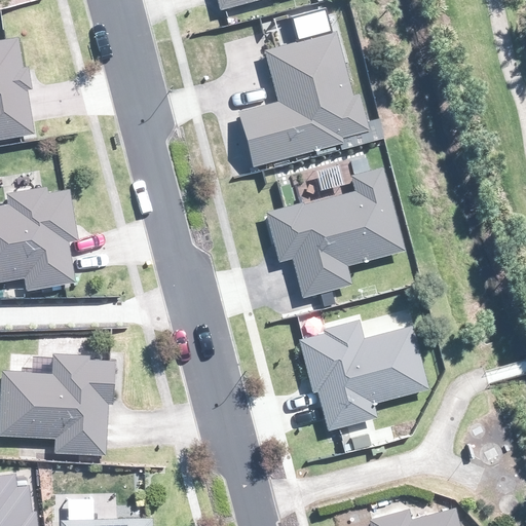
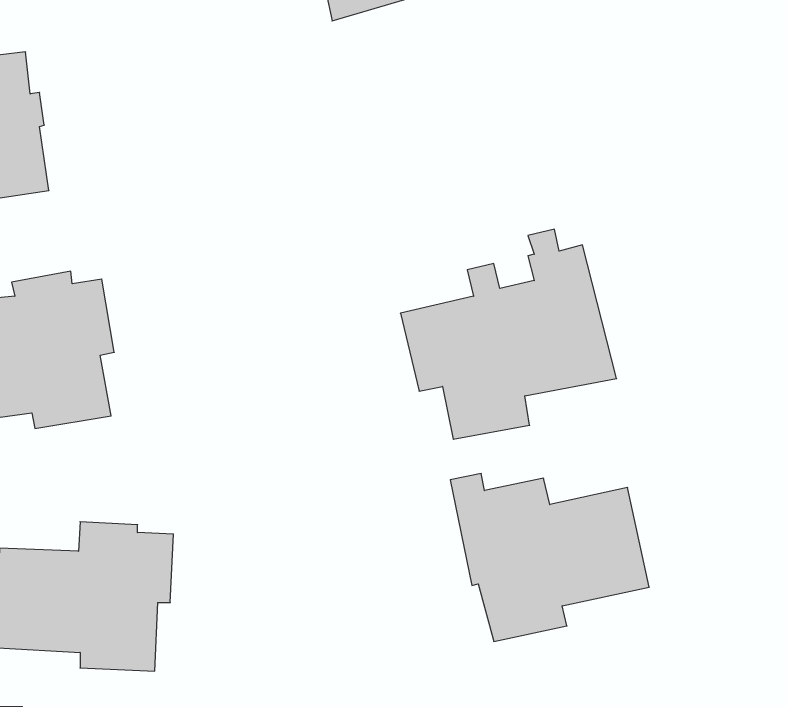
building: [238,22,382,166] -> none

